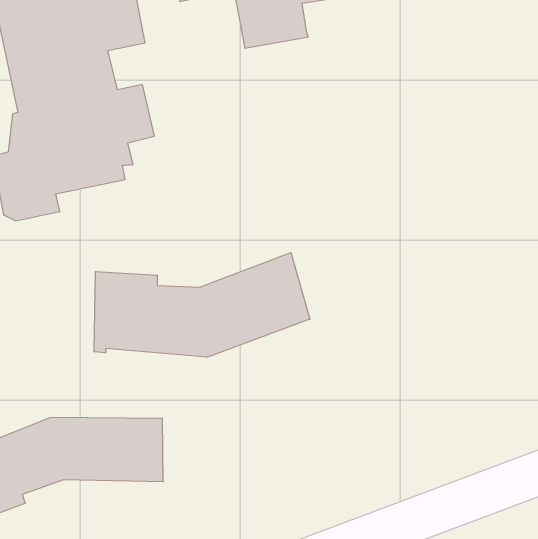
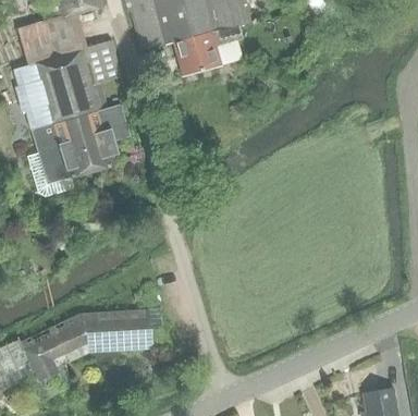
building: [94,252,310,357] -> none

